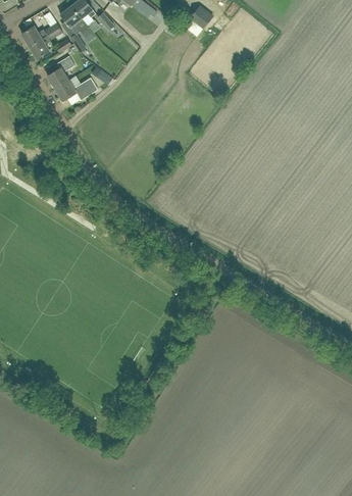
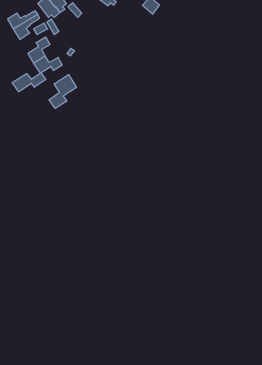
building: none -> [12,73,46,92]
building: none -> [49,75,76,108]

